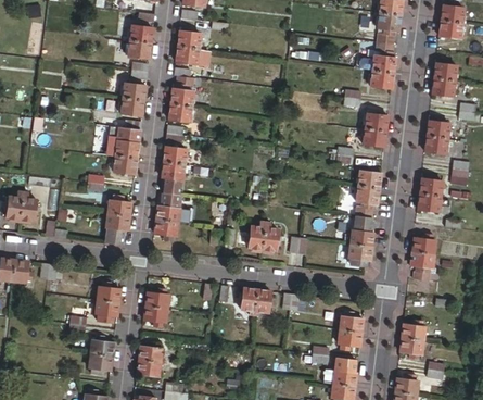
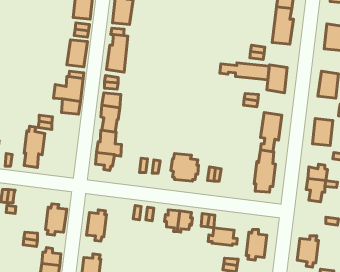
building: none -> [220,63,269,80]
building: [106,195,131,245] -> [24,126,45,167]
building: none -> [208,228,237,245]

